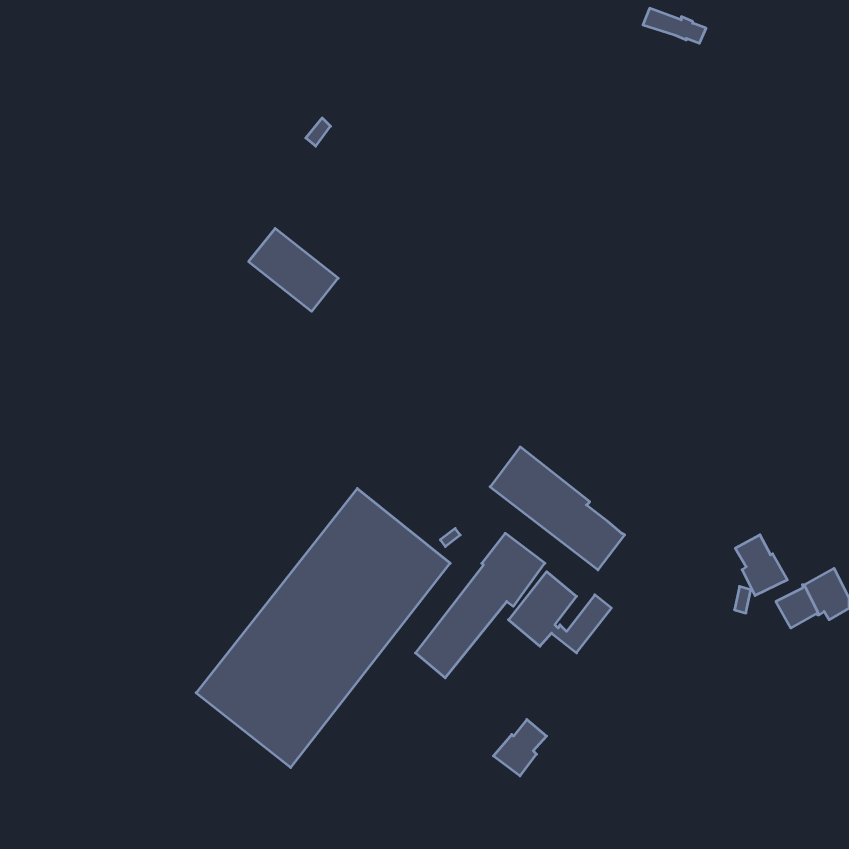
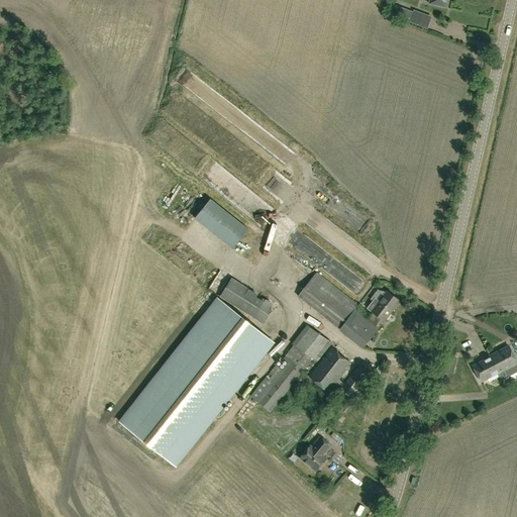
building: [249,228,338,311] -> [194,199,248,249]
building: none -> [219,277,272,324]
building: none -> [368,291,400,324]
building: [735,535,787,596] -> none

